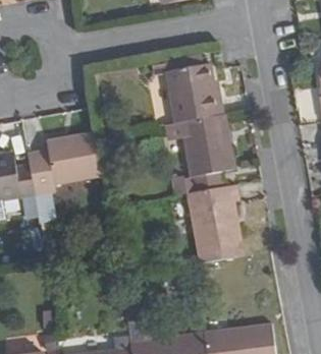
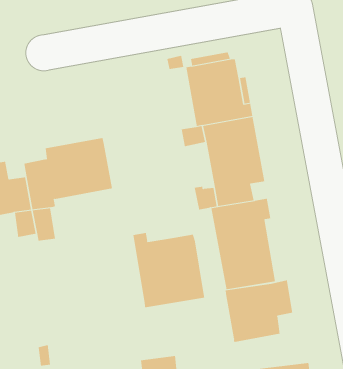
building: none -> [133,232,205,308]
building: none -> [225,280,293,343]

